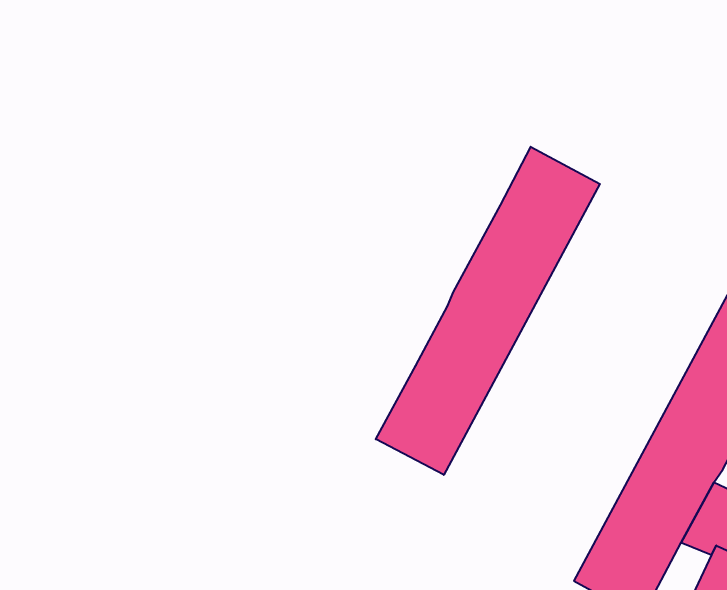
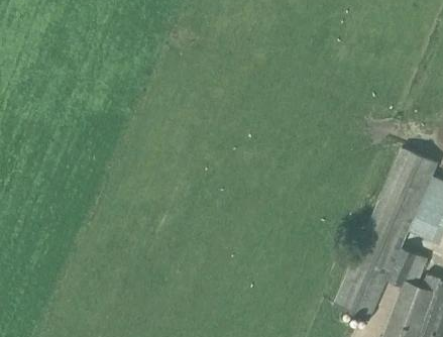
building: [376,147,600,475] -> none

